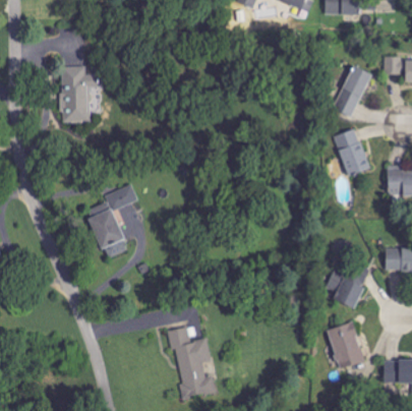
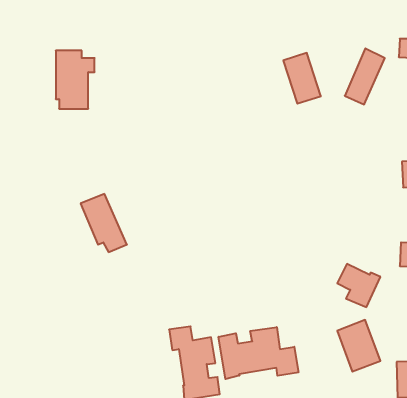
building: [334,129,369,177] -> [283,53,321,104]
building: [107,185,137,210] -> none
building: none -> [219,327,298,379]

